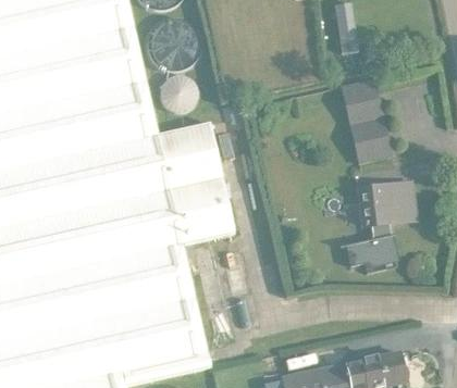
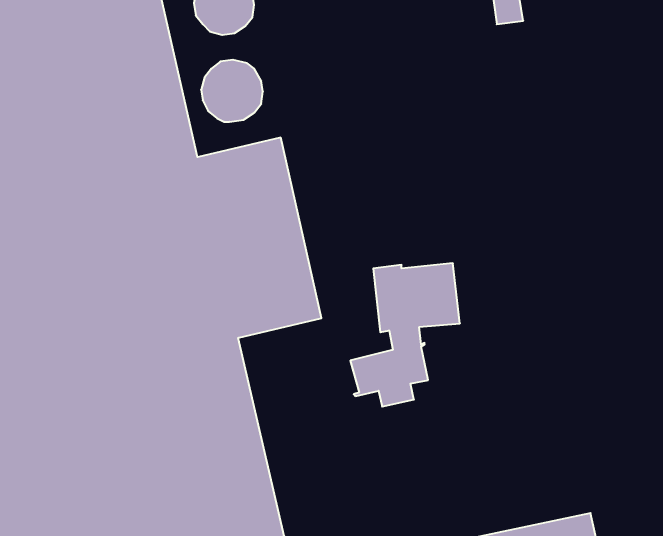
building: [341,79,390,163] -> none
building: [346,185,413,273] -> [350,263,460,407]

